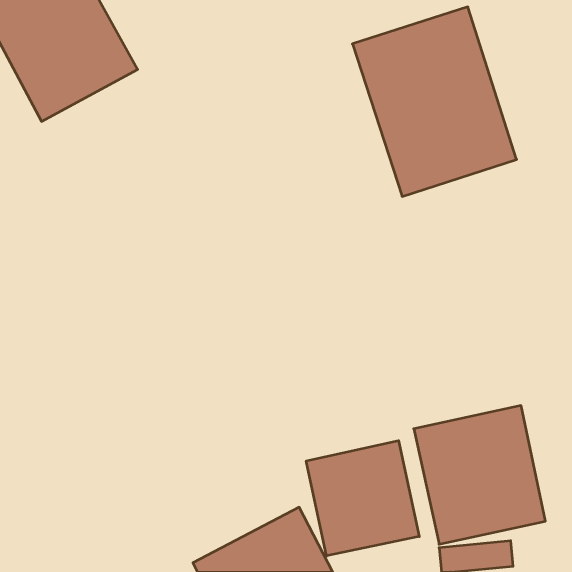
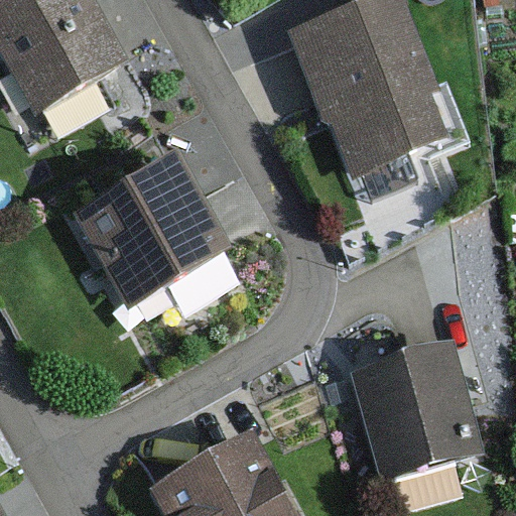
building: none -> [90,166,223,302]
building: [306,441,419,556] -> none

